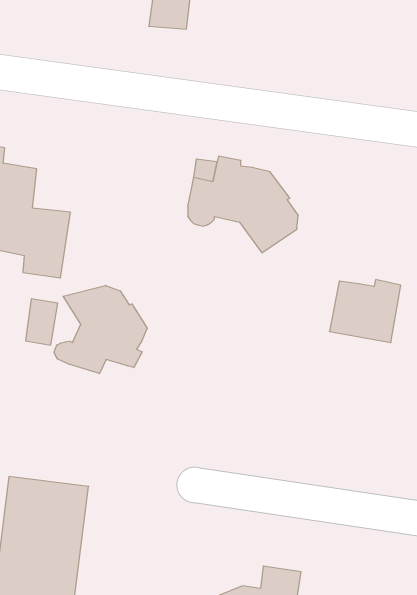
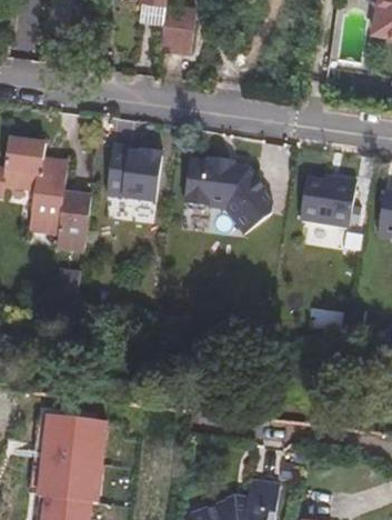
building: none -> [108,150,165,207]
building: [329,280,401,343] -> [301,179,358,229]
building: [54,285,147,374] -> none

